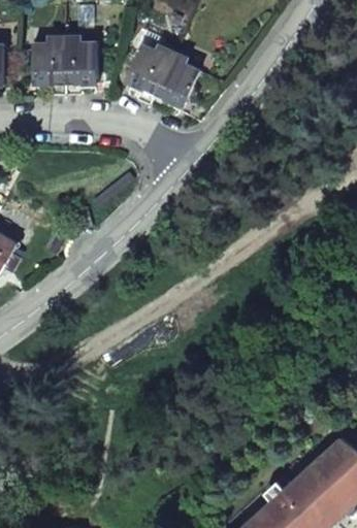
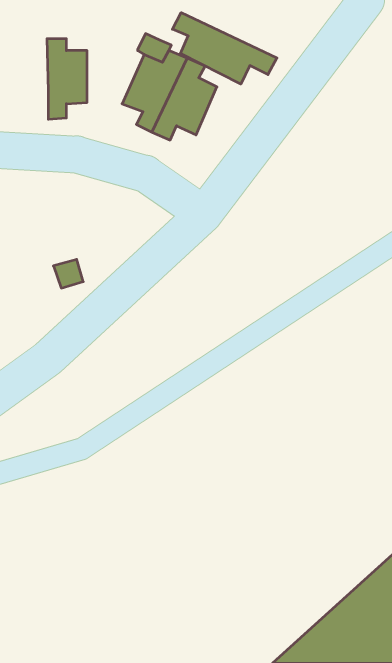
building: none -> [172,13,277,84]
building: [32,31,65,95] -> none

